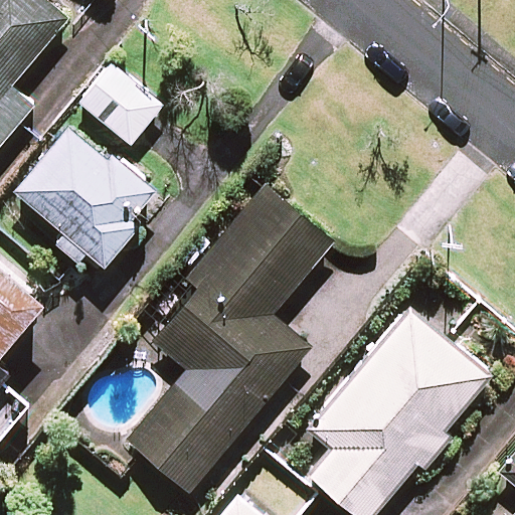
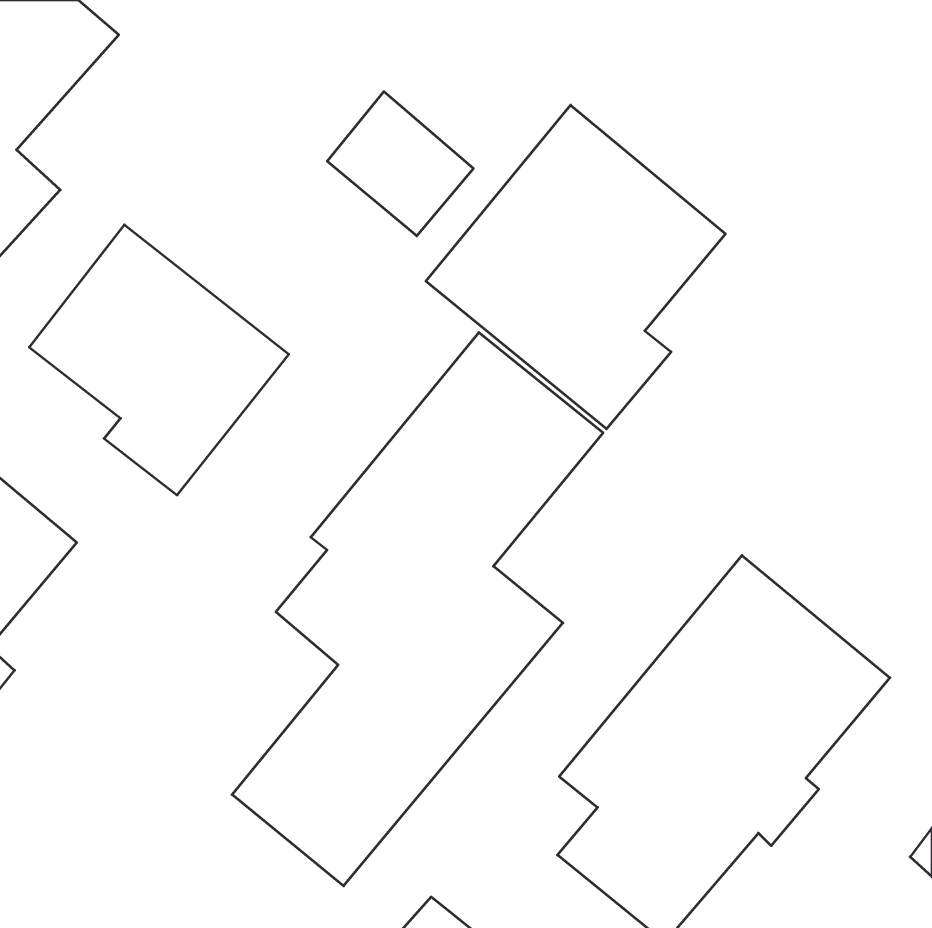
building: none -> [426,105,725,429]
building: [80,65,161,145] -> [327,92,473,236]

